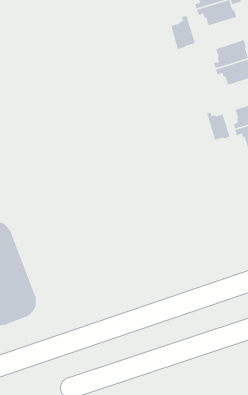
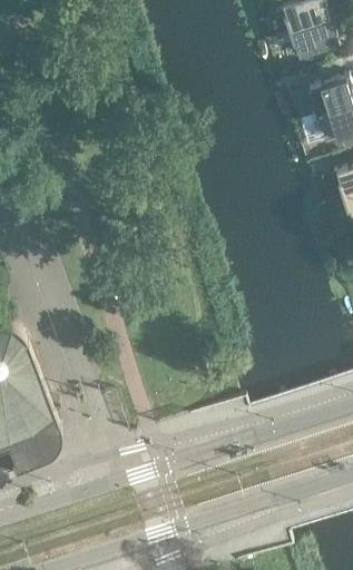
building: [170,15,196,50] -> none
building: [206,112,231,141] -> none

